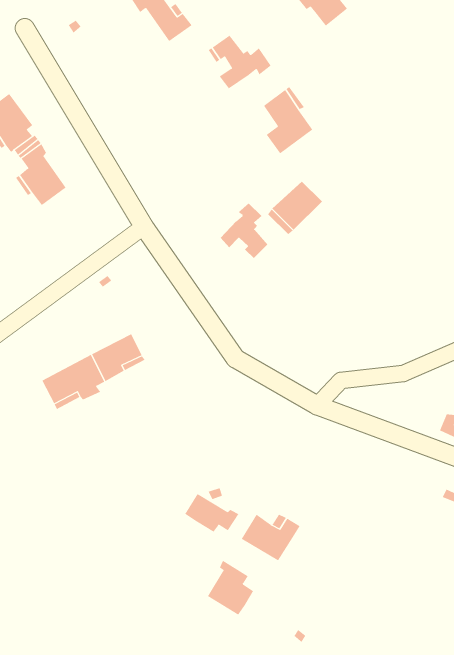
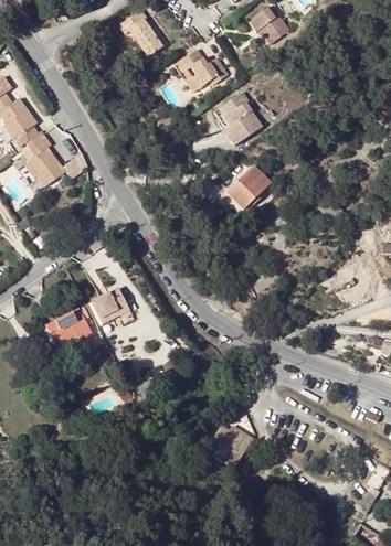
building: [220,202,268,259] -> none
building: [184,493,239,532] -> none
building: [207,560,254,616] -> none

